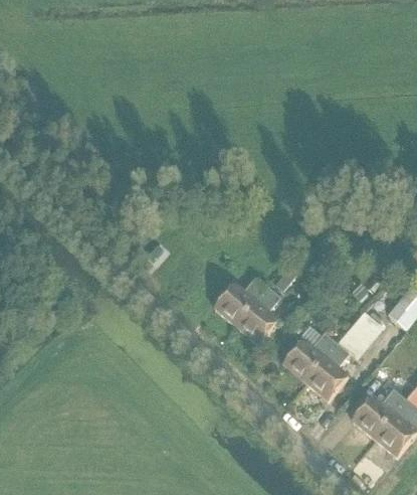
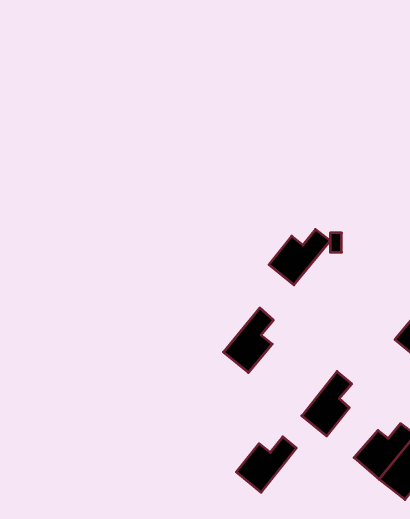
building: [213,275,267,324] -> [269,229,330,285]
building: [282,331,336,380] -> [236,437,296,492]

